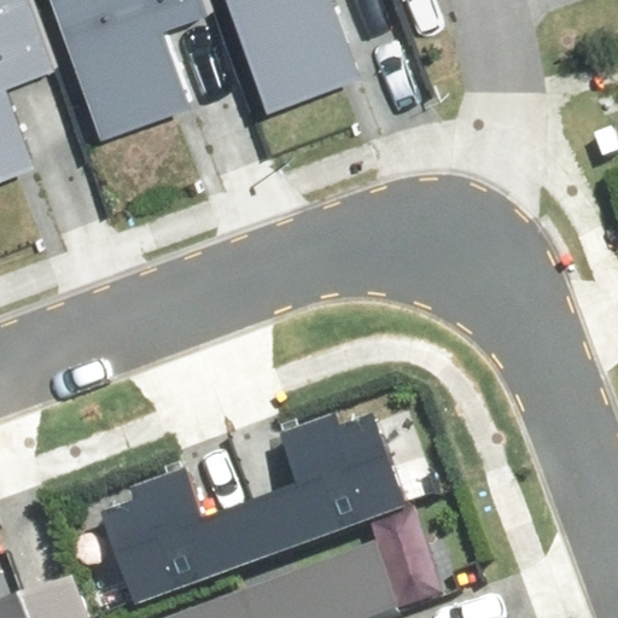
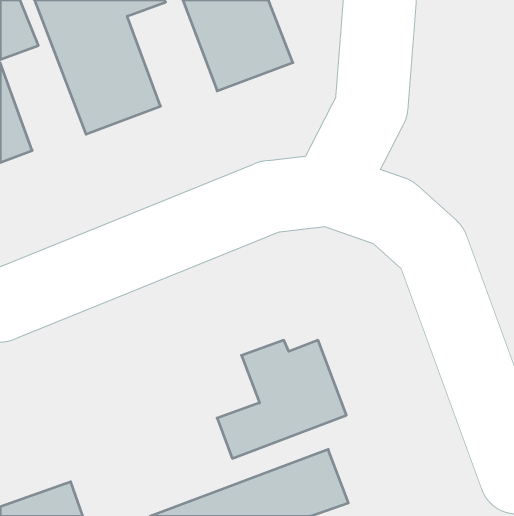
building: [118,468,280,595] -> none

